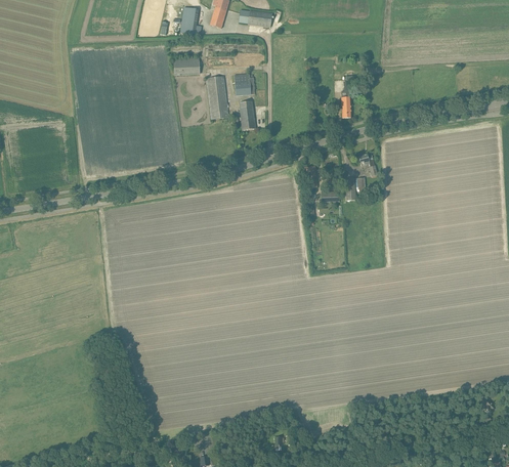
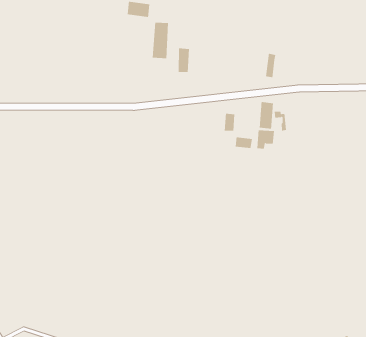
building: [235,72,255,94] -> none
building: none -> [259,101,274,129]

